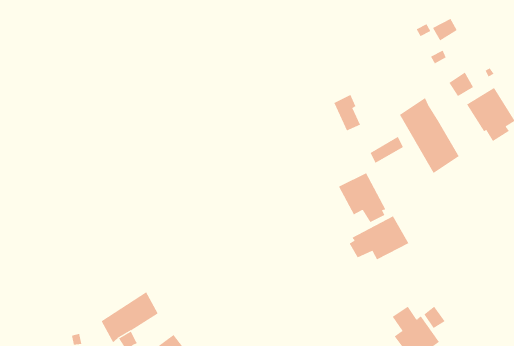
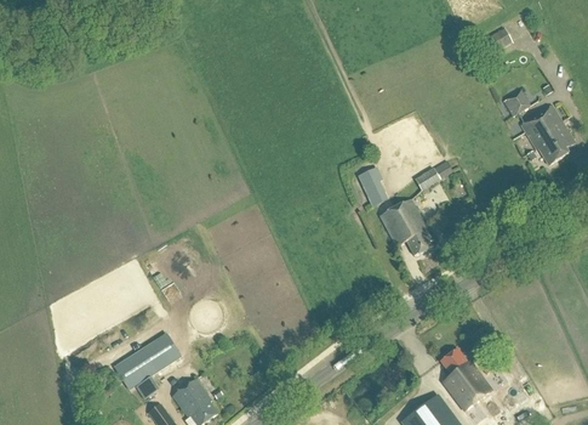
building: [333,94,361,131] -> [356,165,387,206]
building: [399,97,459,174] -> none
building: [349,216,409,260] -> none

